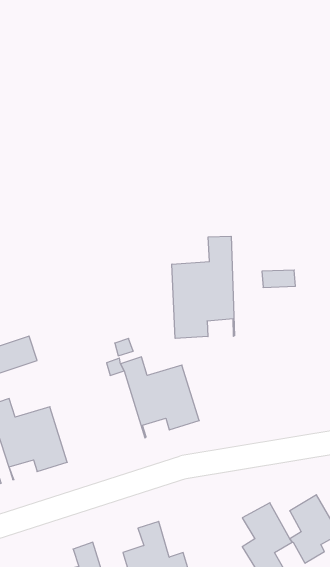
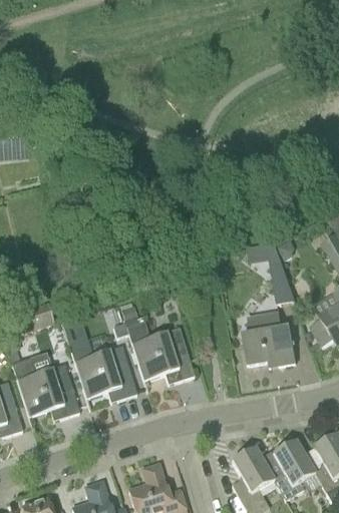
building: [172,236,234,338] -> none
building: none -> [270,263,294,302]
building: none -> [242,312,296,366]
building: none -> [69,338,136,408]

